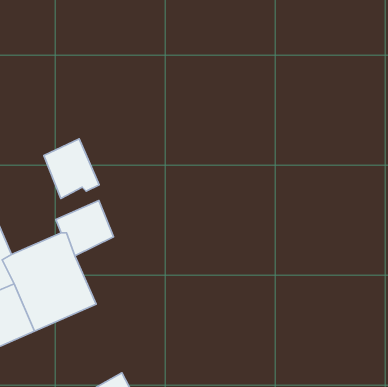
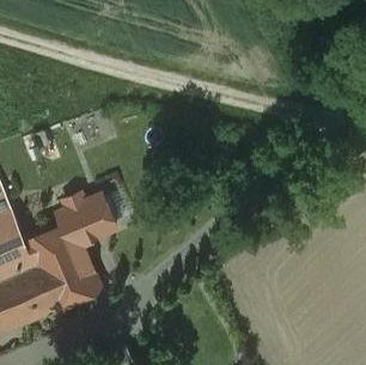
building: [44,139,99,199] -> none

